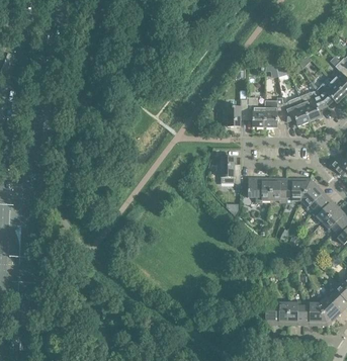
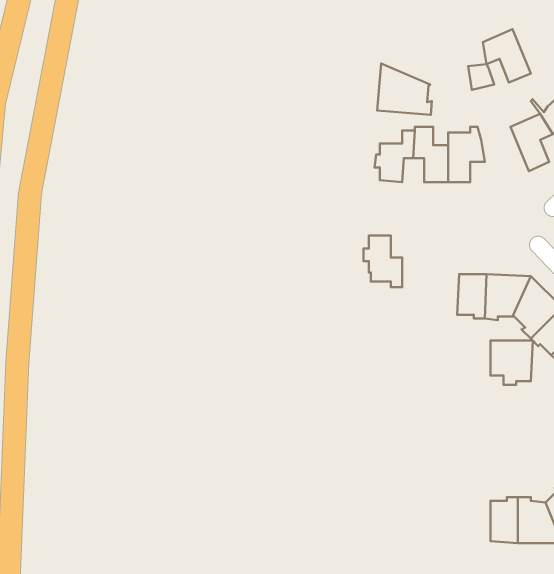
building: none -> [377,64,432,115]
building: [283,96,310,125] -> [483,29,531,83]
building: [248,177,271,201] -> [490,341,533,385]
building: [265,299,288,324] -> none

